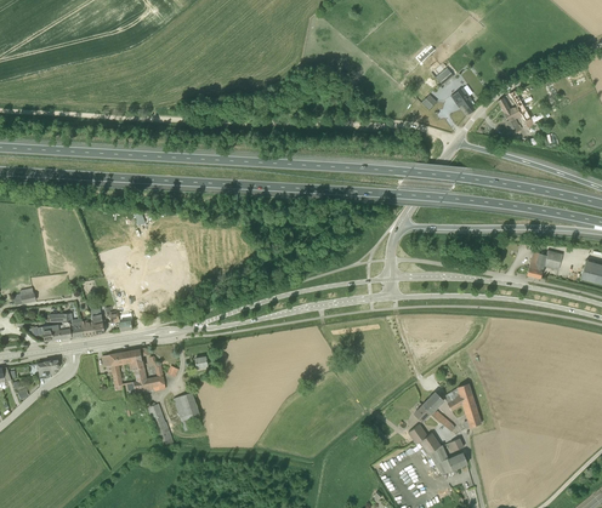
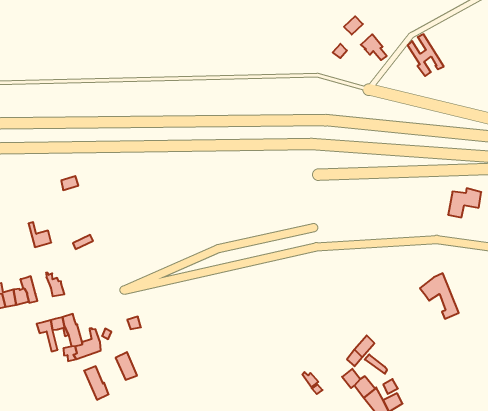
building: [443,383,481,429] -> [420,273,459,319]

